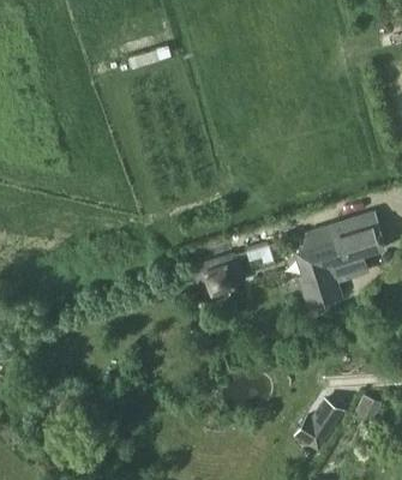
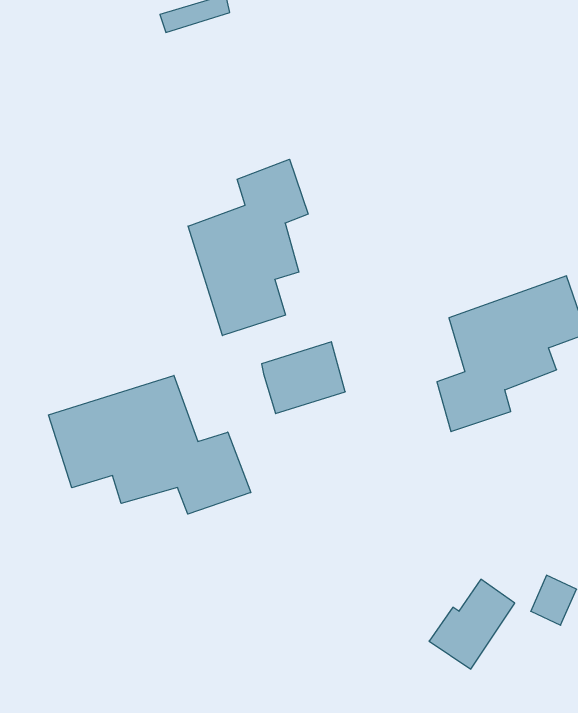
building: none -> [188,159,308,336]
building: none -> [48,375,251,514]

